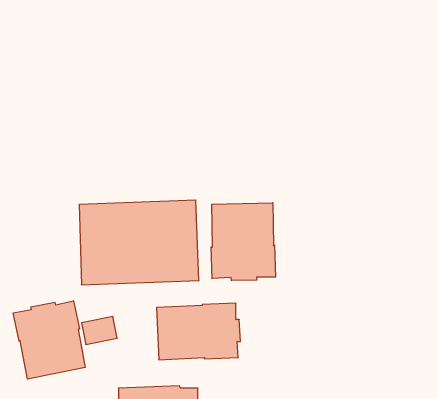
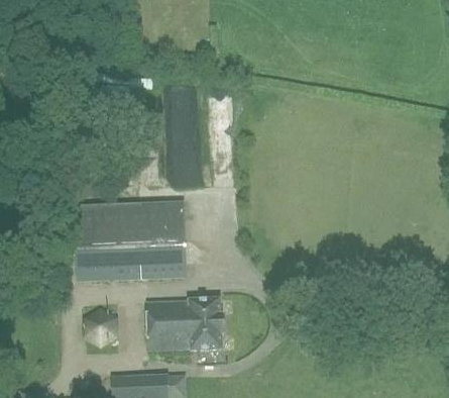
building: [211,203,276,281] -> none
building: [13,301,85,379] -> none

